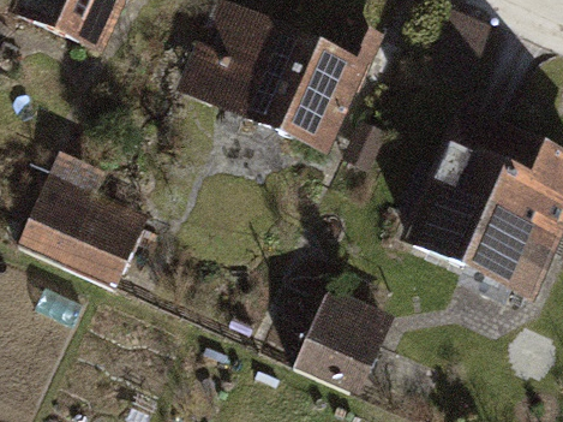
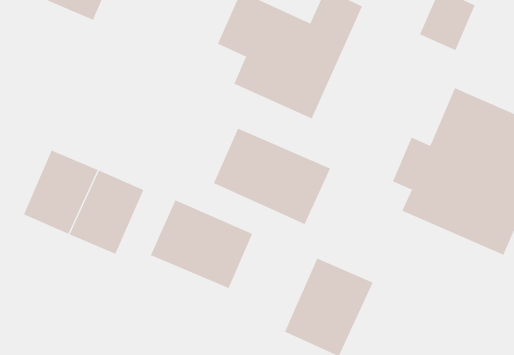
building: none -> [213,128,331,225]
building: none -> [150,199,253,289]

